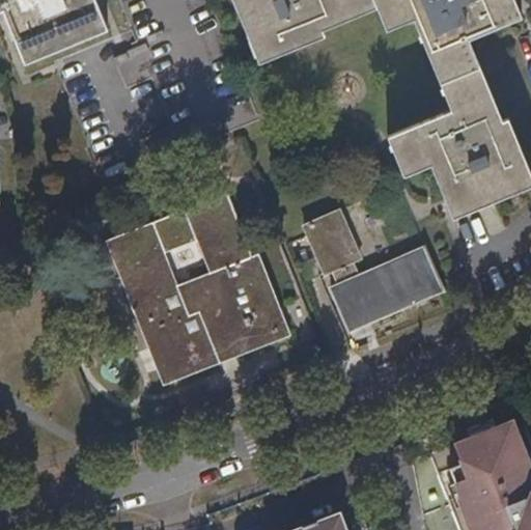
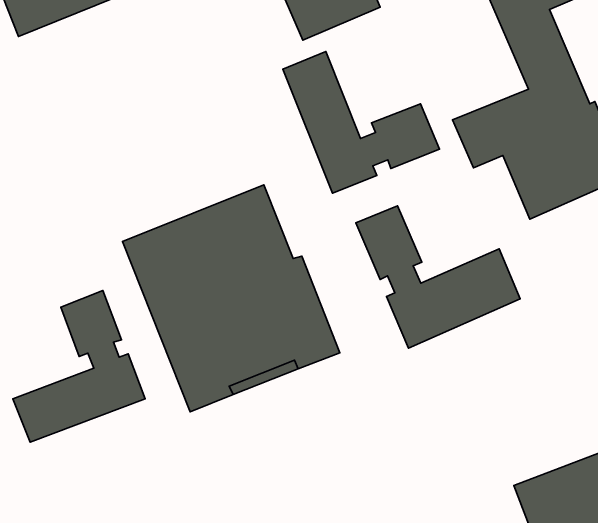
building: none -> [283,51,440,193]
building: none -> [13,290,145,442]

